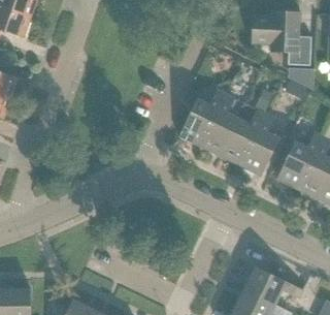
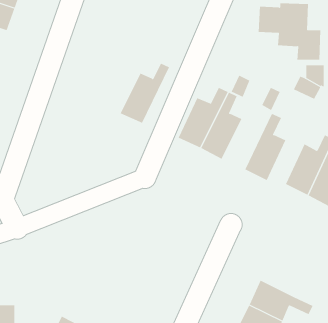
building: [220,109,265,165] -> [120,63,170,124]

